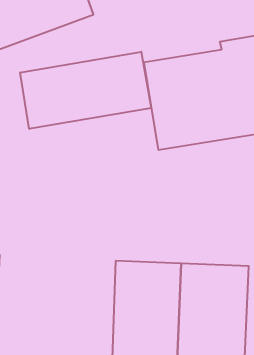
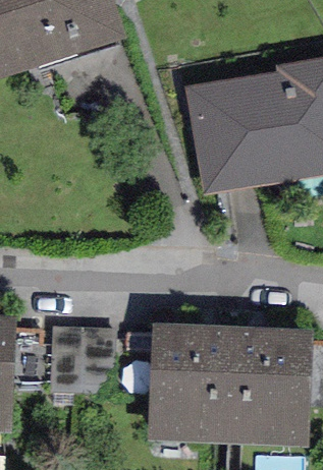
building: [20,52,151,129] -> none

